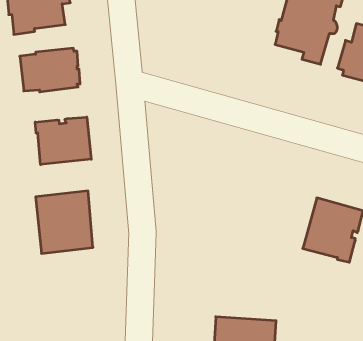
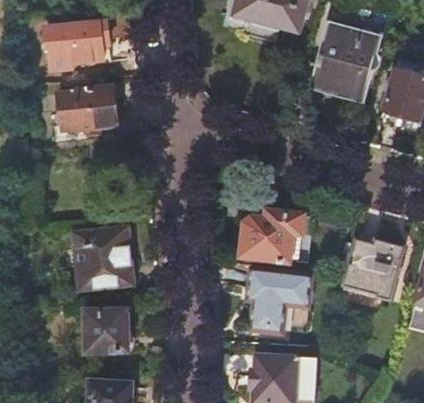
building: [35,117,91,165] -> none
building: none -> [237,211,302,265]
building: none -> [247,270,310,334]
building: none -> [84,310,126,353]

